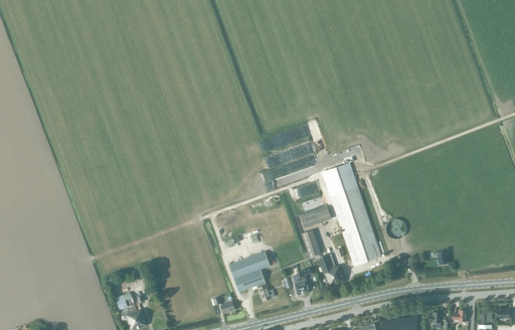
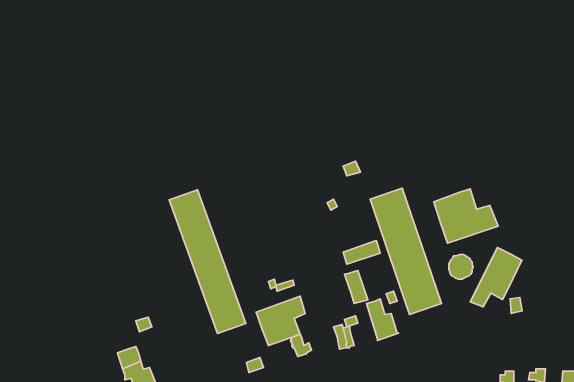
building: none -> [434,189,498,243]
building: none -> [169,190,246,334]
building: none -> [470,247,522,307]

